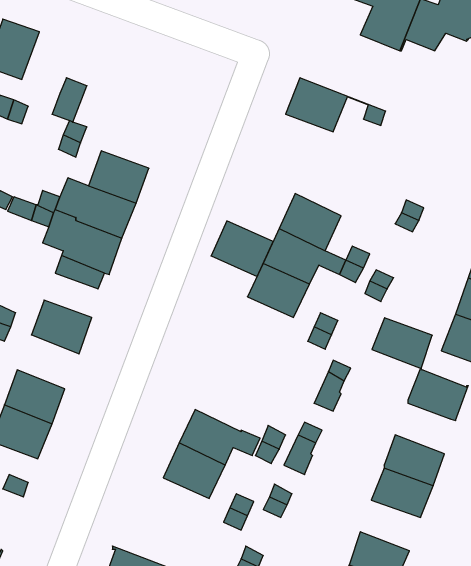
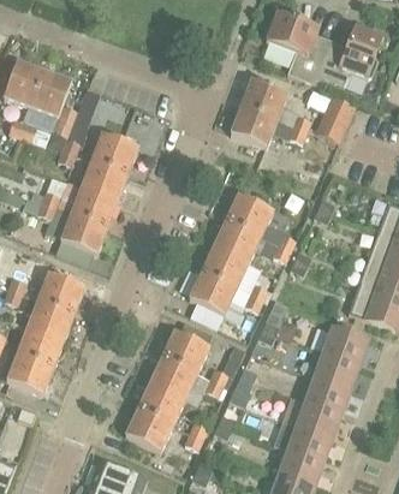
building: none -> [31,70,71,115]
building: none -> [242,78,311,130]
building: none -> [316,95,356,141]
building: none -> [91,132,138,173]
building: [211,221,273,276] -> [190,270,237,313]
building: [372,318,432,369] -> [314,351,359,389]
building: none -> [28,299,75,340]
building: none -> [162,329,209,373]
building: none -> [126,407,173,450]
building: none -> [287,424,333,463]

